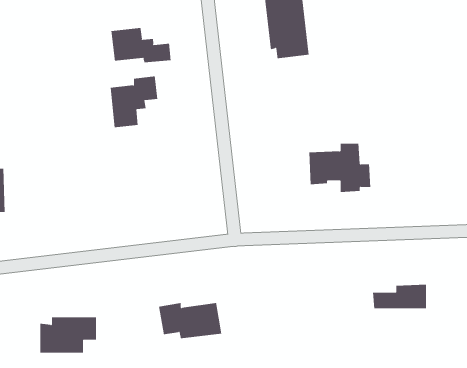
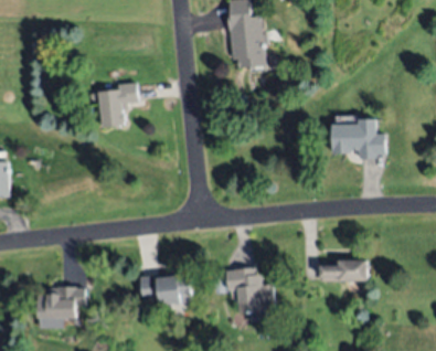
building: [111,27,171,63] -> none
building: [308,143,371,193] -> [332,118,385,160]
building: none -> [226,267,275,312]

